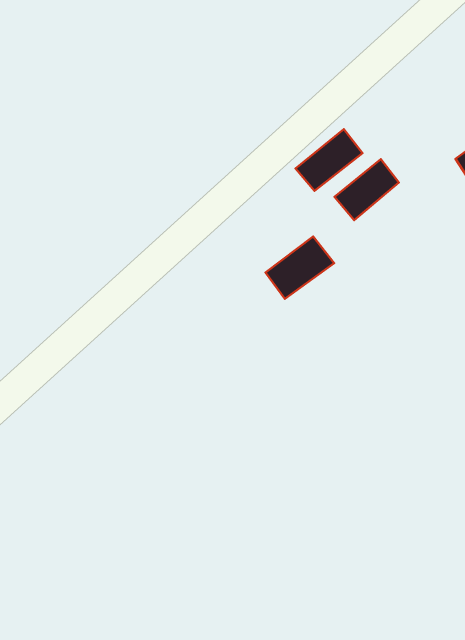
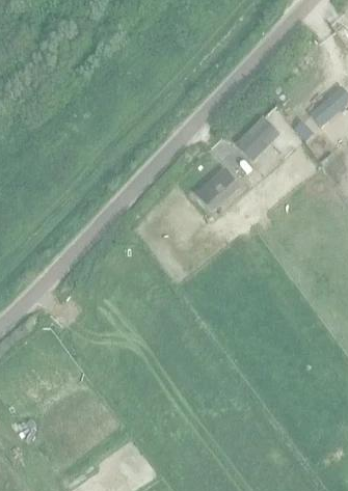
building: [295,129,363,191] -> none

